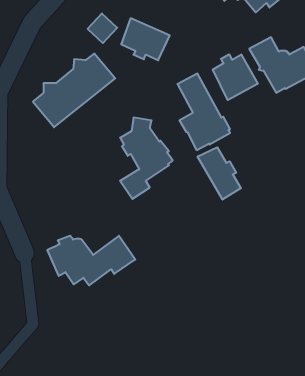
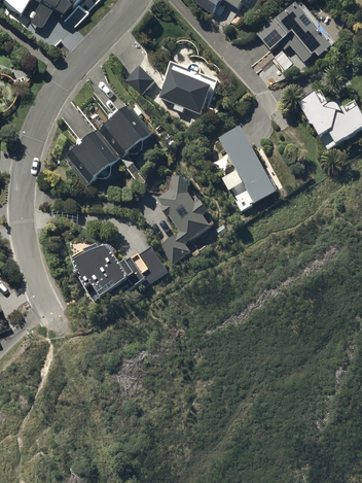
building: [213,54,258,100] -> none
building: [198,147,241,200] -> none
building: [47,236,135,285] -> [74,242,169,296]

